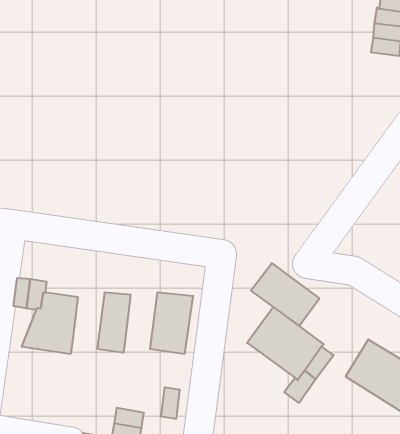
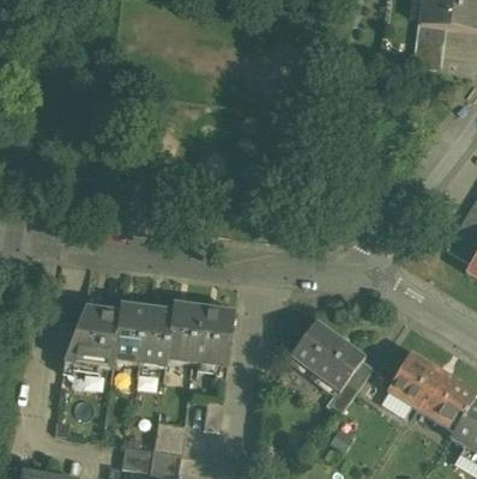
building: [251,263,319,326] -> none
building: none -> [114,303,146,363]
building: none -> [167,303,199,363]

